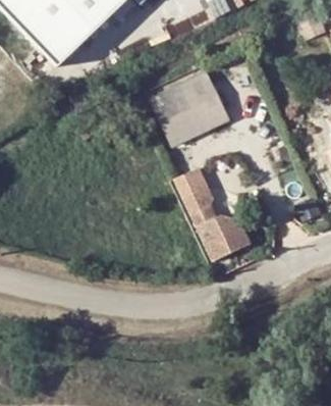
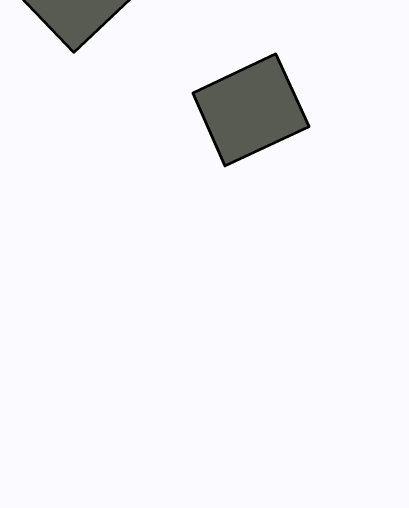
building: [170,167,243,260] -> none

